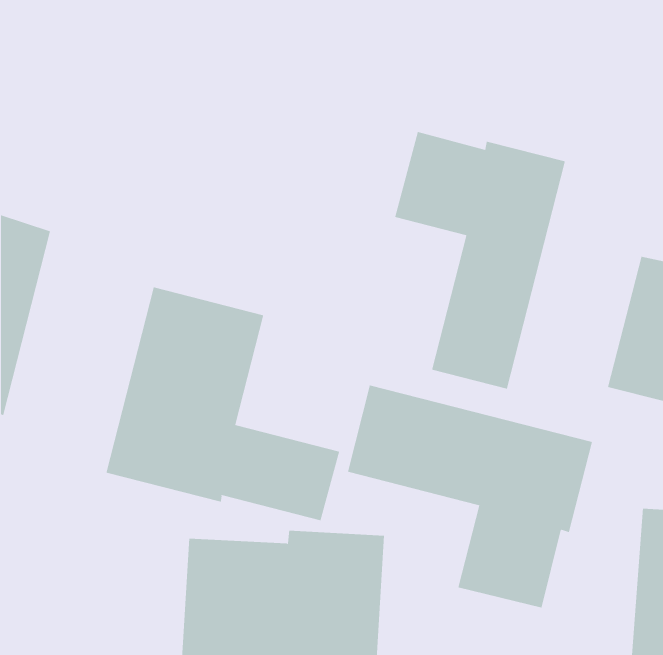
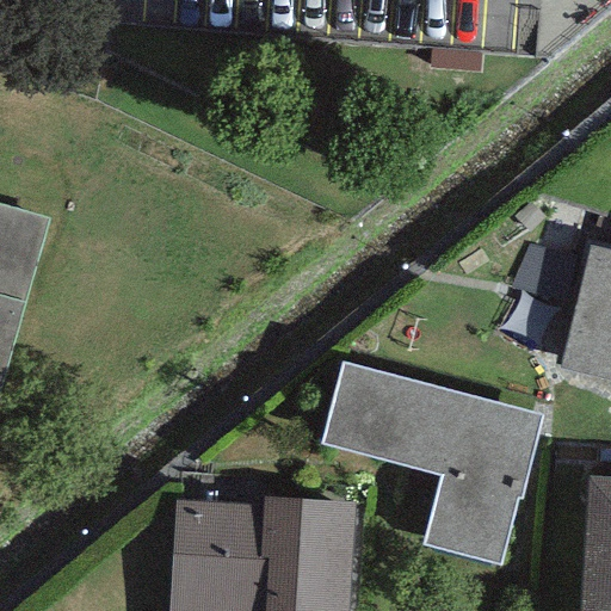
building: [395,131,566,390] -> none
building: [106,287,340,521] -> none

